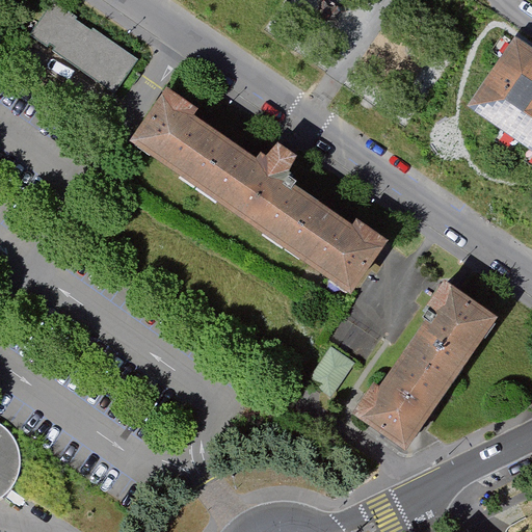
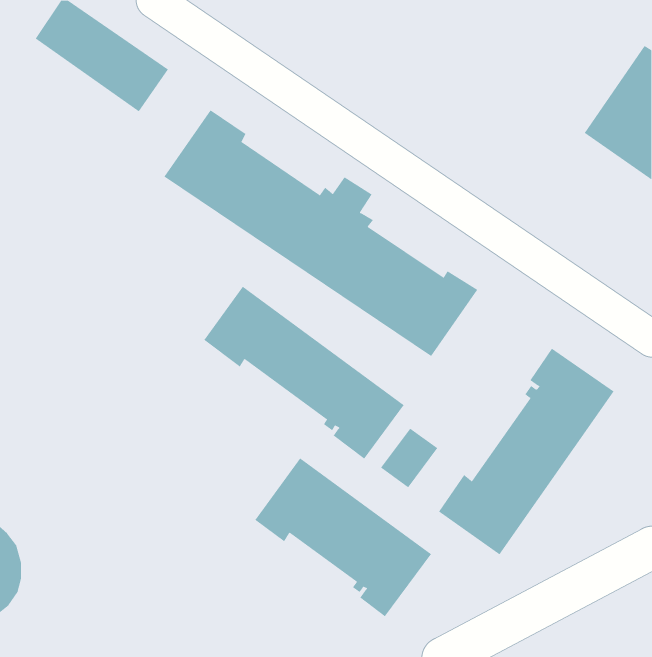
building: none -> [203,286,405,460]
building: none -> [254,457,432,617]

